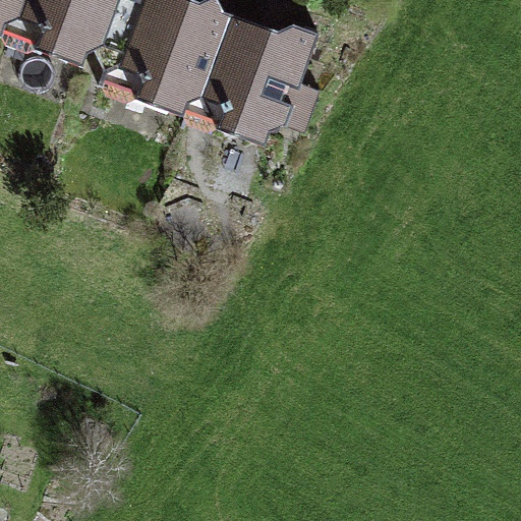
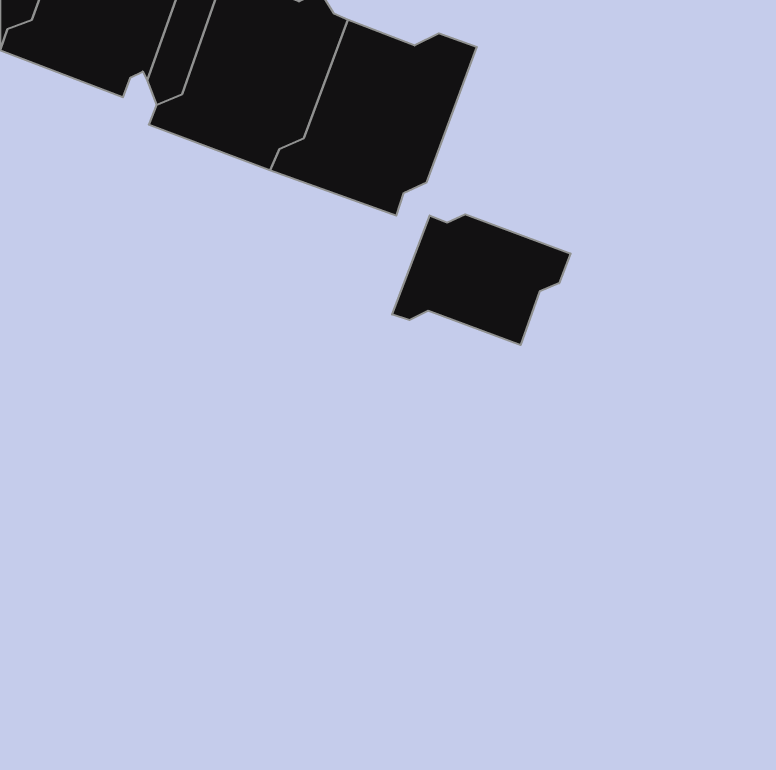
building: none -> [392,214,571,345]

